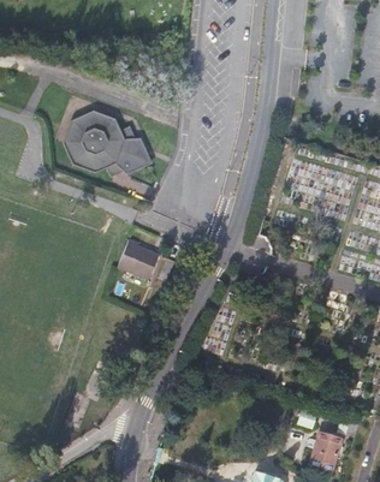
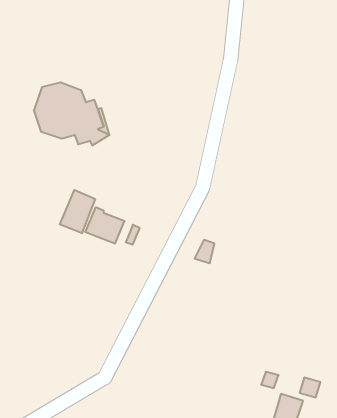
building: none -> [60,190,95,233]

